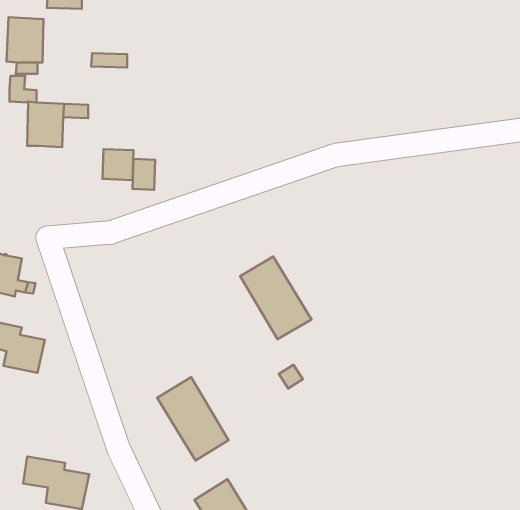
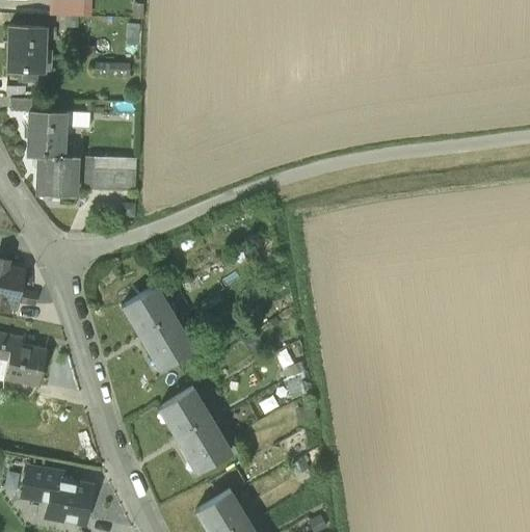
building: none -> [36,155,78,194]
building: [133,159,155,190] -> [82,157,105,188]
building: [240,257,311,339] -> [123,286,194,369]

